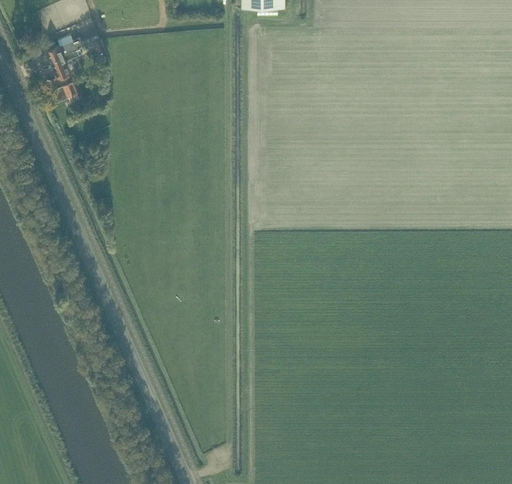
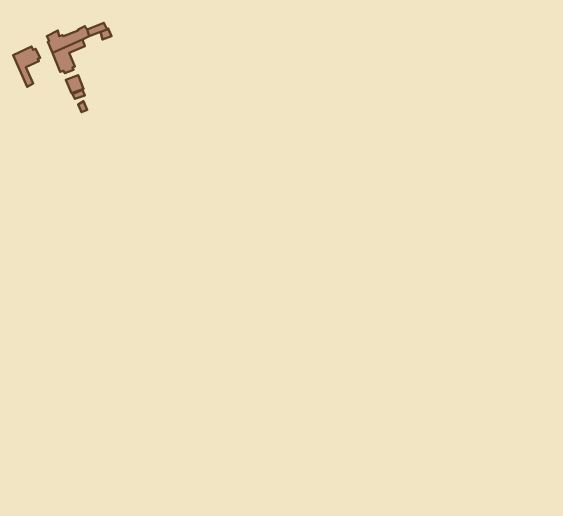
building: none -> [13,47,40,87]

